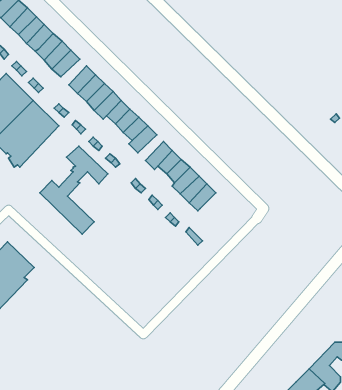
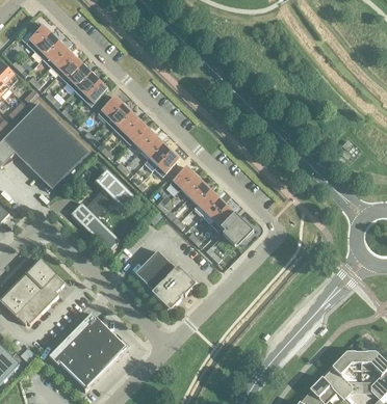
building: none -> [221,213,251,244]
building: none -> [135,249,197,311]
building: none -> [49,312,126,386]

